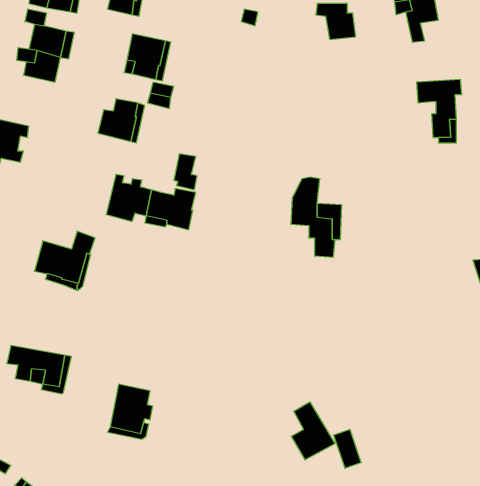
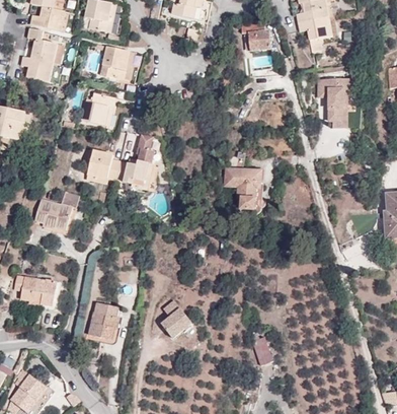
building: [291,402,335,460] -> [161,300,193,343]

